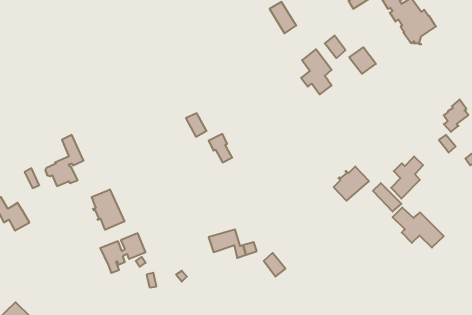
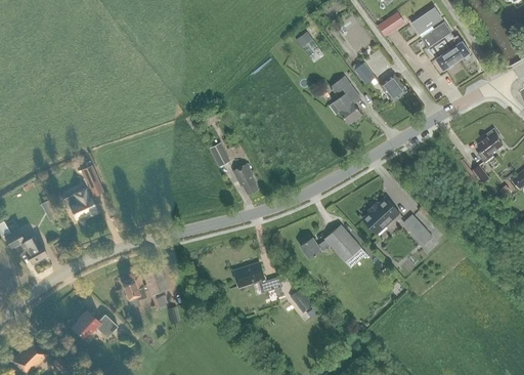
building: [391,156,423,199] -> none
building: [92,189,124,230] -> none
building: none -> [301,224,361,261]
building: [393,207,444,248] -> none
building: none -> [72,309,118,340]

